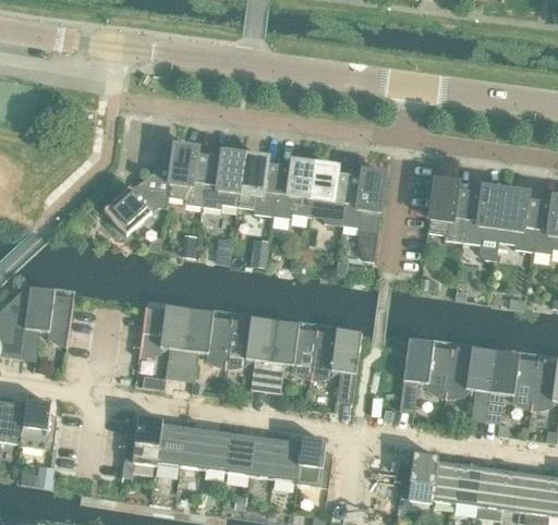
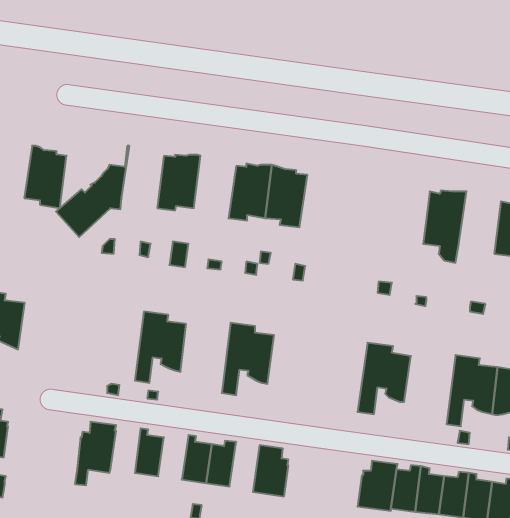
building: [168,145,209,206] -> [24,146,67,208]
building: [239,155,280,216] -> none
building: [342,172,385,260] -> none
building: [427,180,470,241] -> none
building: [498,190,539,251] -> none
building: [138,305,190,375] -> none
building: [226,316,275,387] -> none
building: [311,328,361,399] -> none
building: [445,346,495,417] -> none
building: [157,420,186,465] -> none
building: [204,427,233,472] -> none
building: [274,435,303,484] -> none

